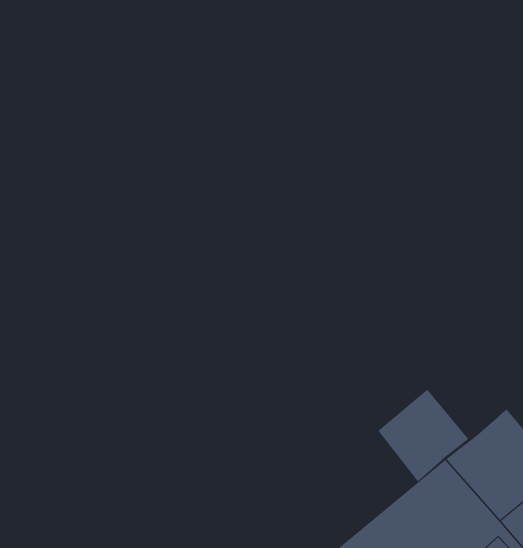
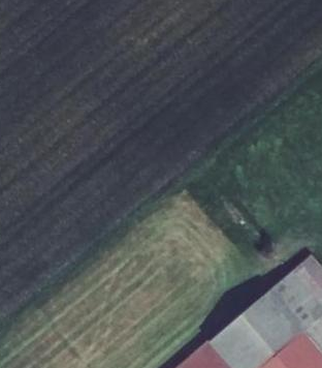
building: [377,389,469,482] -> none

